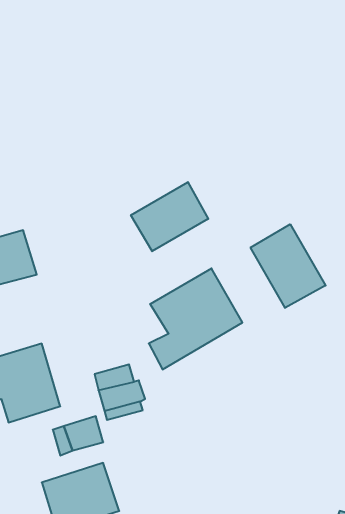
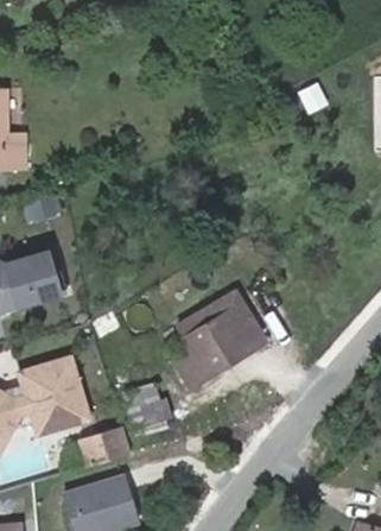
building: [131,182,208,251] -> none
building: [251,224,326,308] -> none

